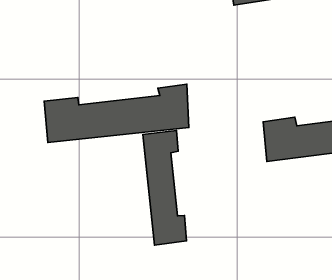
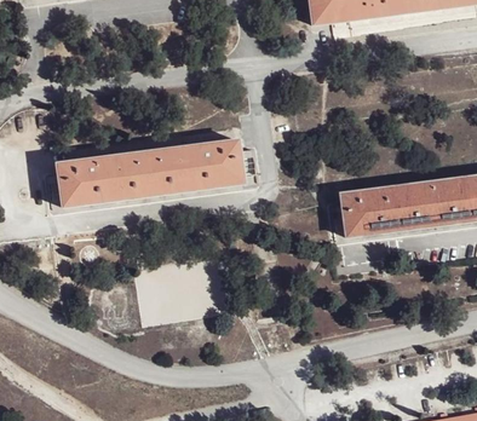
building: [143,130,187,245] -> none

